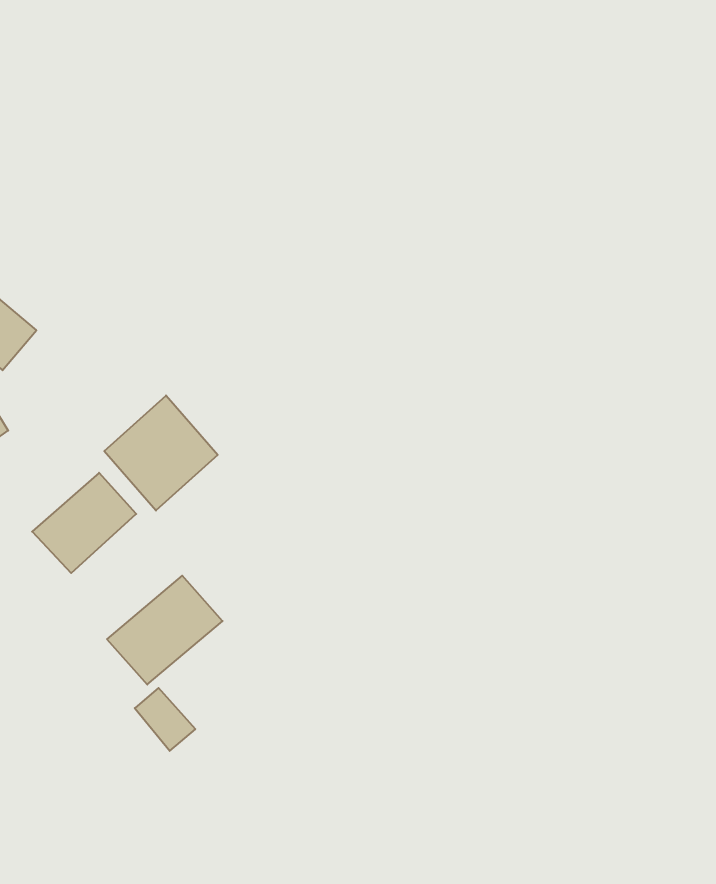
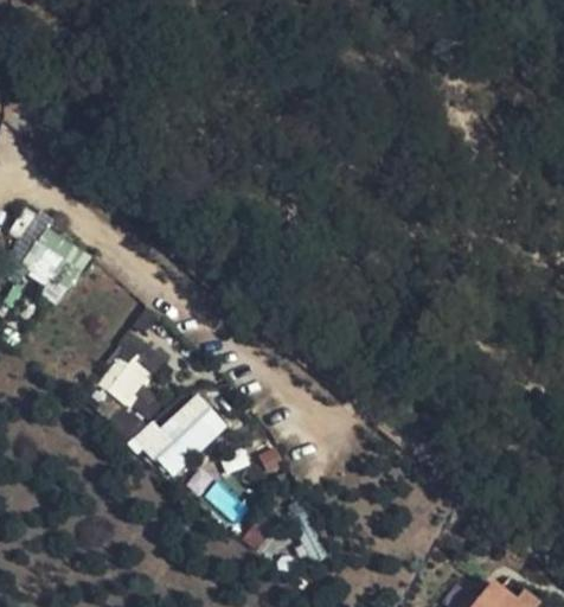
building: [104,395,218,511] -> none

